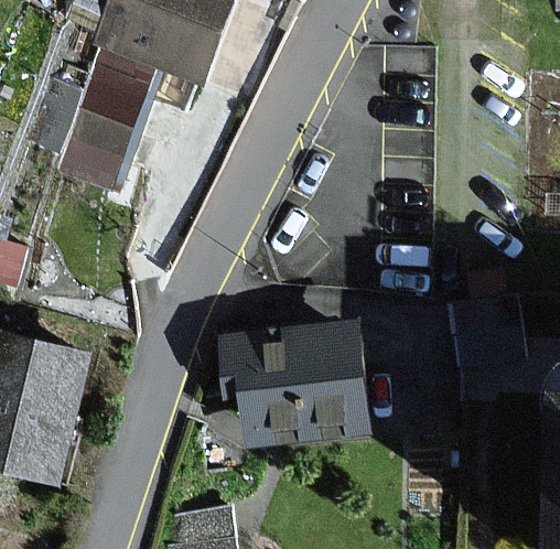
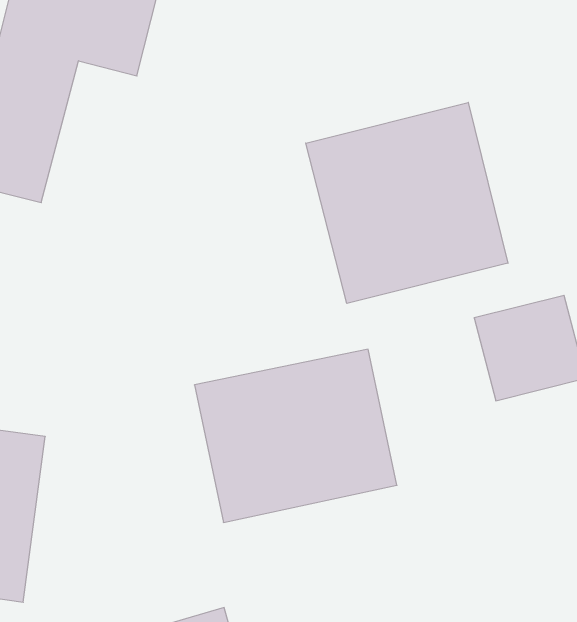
building: none -> [306,102,508,303]

